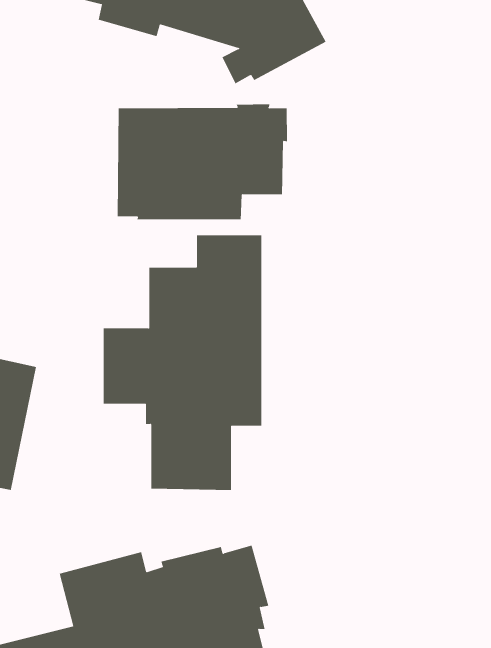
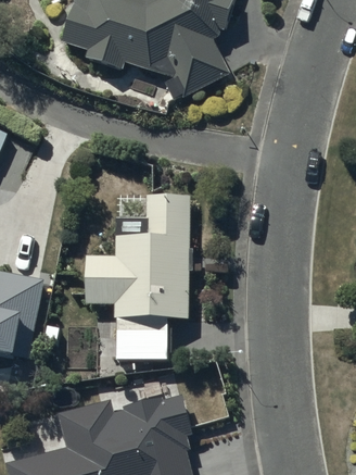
building: [117,103,287,220] -> none

